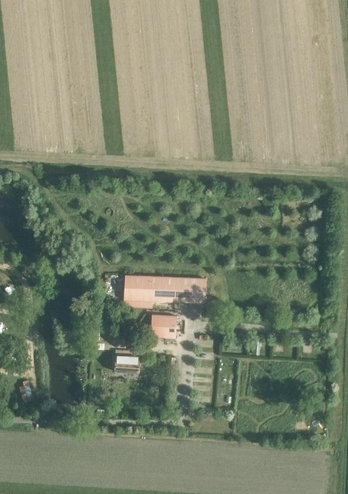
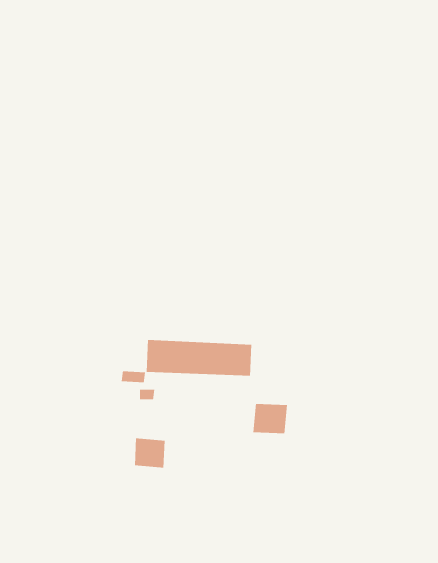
building: [150,315,177,338] -> [252,404,288,434]

